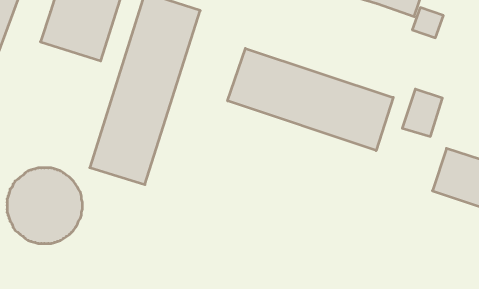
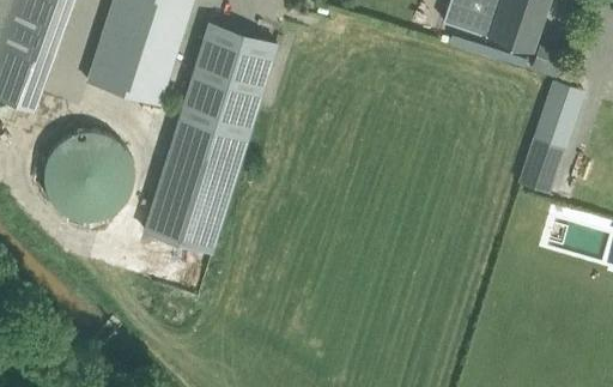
building: none -> [536,79,575,141]
building: [228,48,393,151] -> none
building: [7,168,82,243] -> [44,131,134,220]

